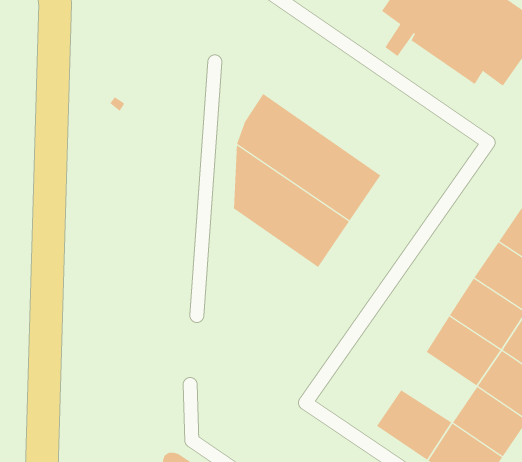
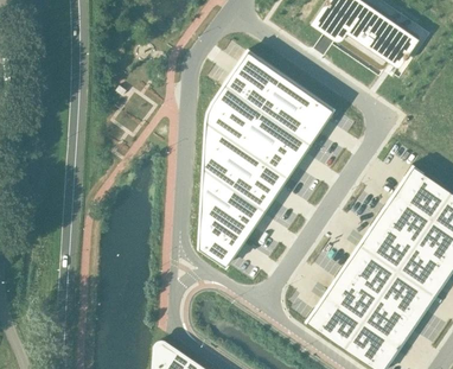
building: none -> [226,51,334,144]
building: none -> [200,167,267,267]
building: none -> [326,271,381,322]

